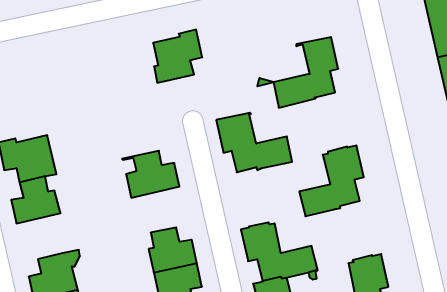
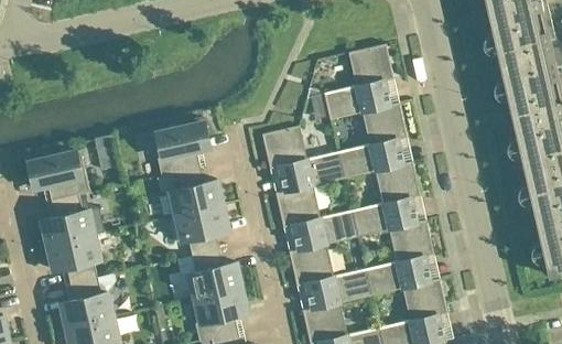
building: [153,30,202,83] -> [155,118,208,175]
building: none -> [337,103,407,179]
building: none -> [274,184,357,248]
building: none -> [170,205,227,255]
building: none -> [364,219,433,295]
building: none -> [46,234,99,283]

